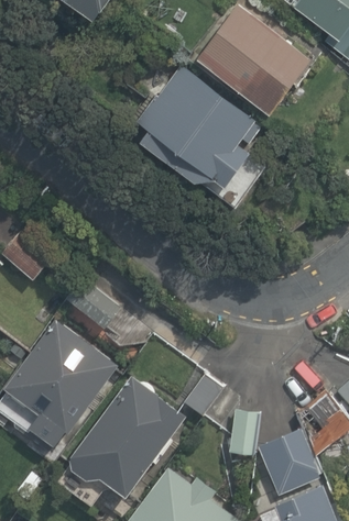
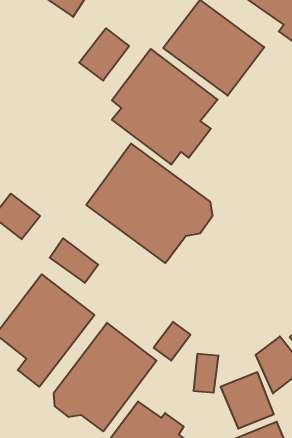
building: none -> [79,28,129,81]
building: none -> [86,143,212,263]

